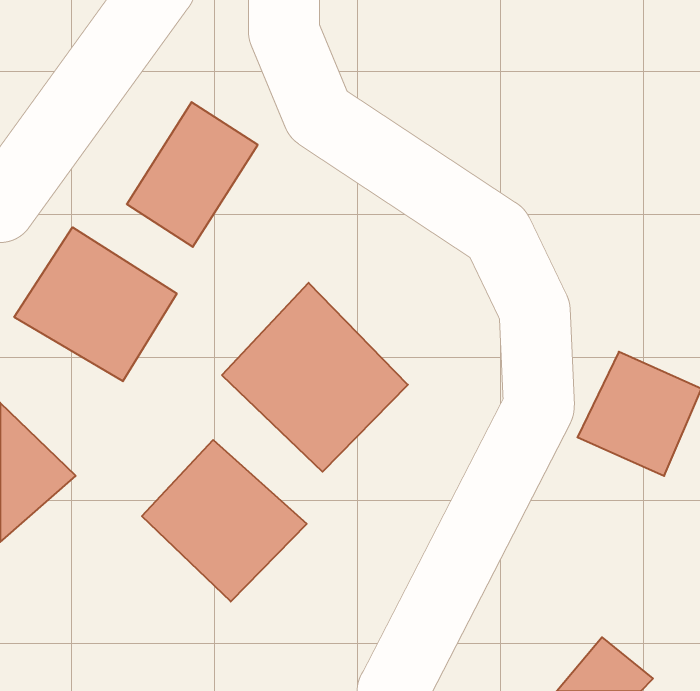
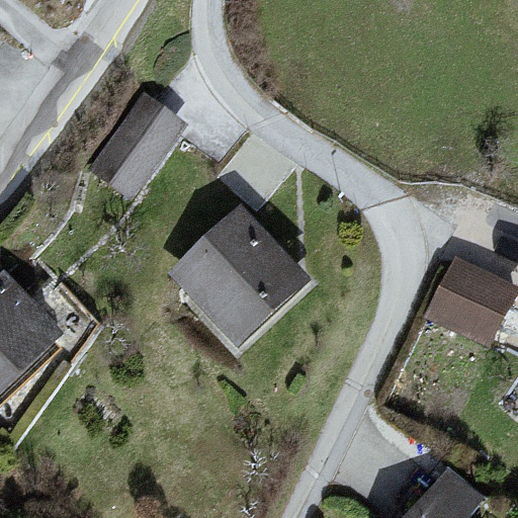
building: [14,227,177,381] -> none
building: [142,440,307,602] -> none

